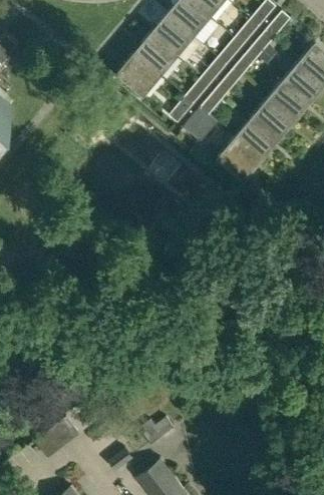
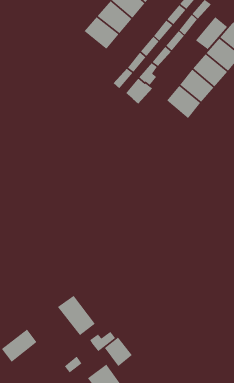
building: none -> [195,16,228,50]
building: [116,53,161,96] -> none
building: [218,138,262,181] -> none
building: none -> [57,295,96,336]
building: none -> [104,337,133,367]

